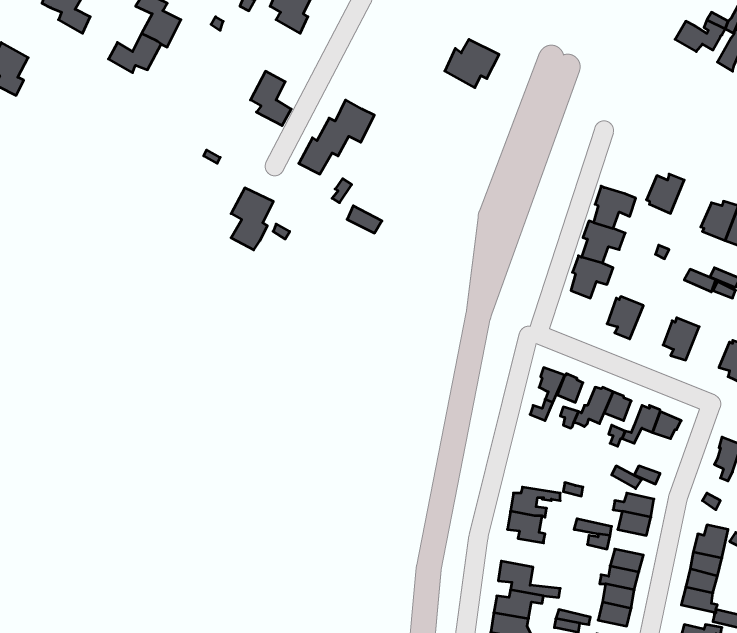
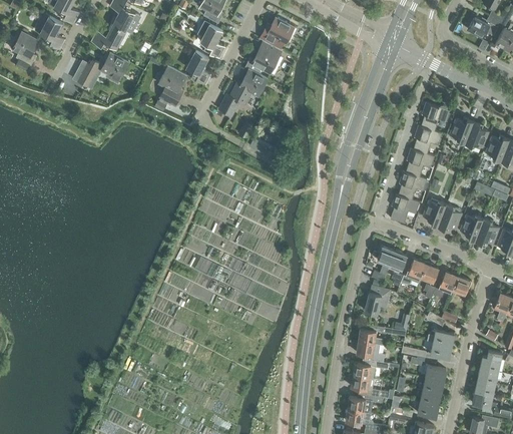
building: none -> [34,13,65,52]
building: none -> [197,21,225,60]
building: [445,39,499,88] -> [260,17,296,49]
building: none -> [244,46,280,75]
building: none -> [75,53,129,88]
building: none -> [420,103,449,131]
building: none -> [464,122,488,150]
building: [231,188,273,250] -> [158,66,186,107]
building: none -> [390,195,419,224]
building: none -> [437,205,462,232]
building: none -> [474,220,499,246]
building: none -> [364,286,390,315]
building: none -> [352,360,388,379]

